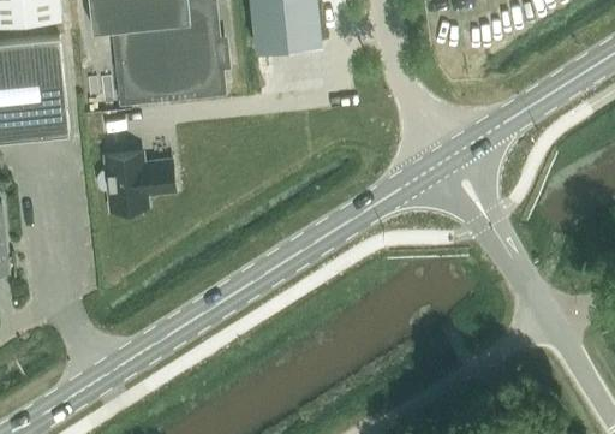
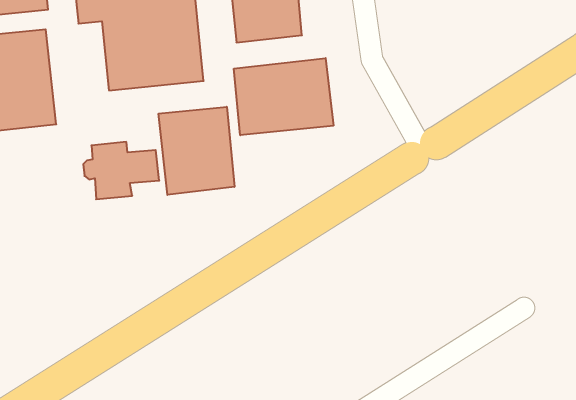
building: none -> [234,58,333,135]
building: none -> [159,107,234,195]

